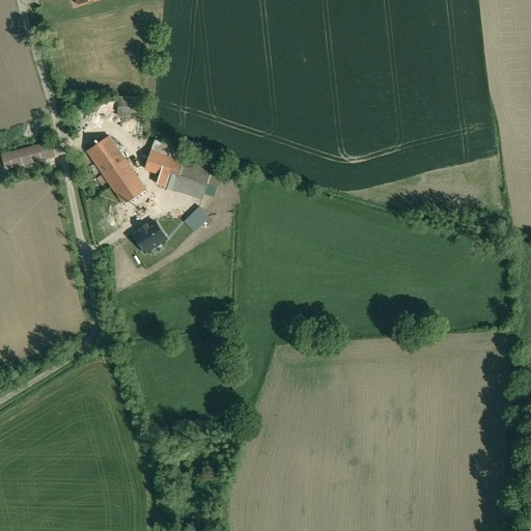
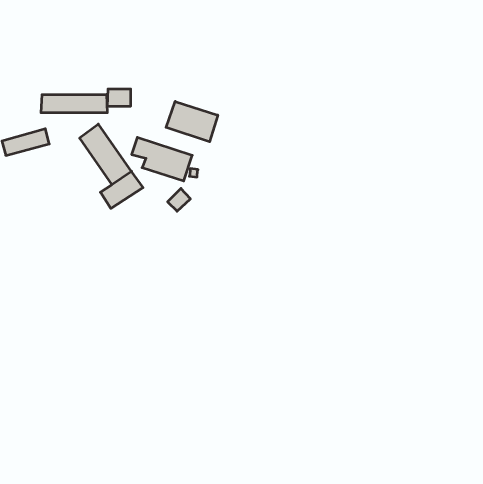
building: none -> [41,94,107,113]
building: none -> [166,101,218,142]
building: [133,221,166,253] -> none

